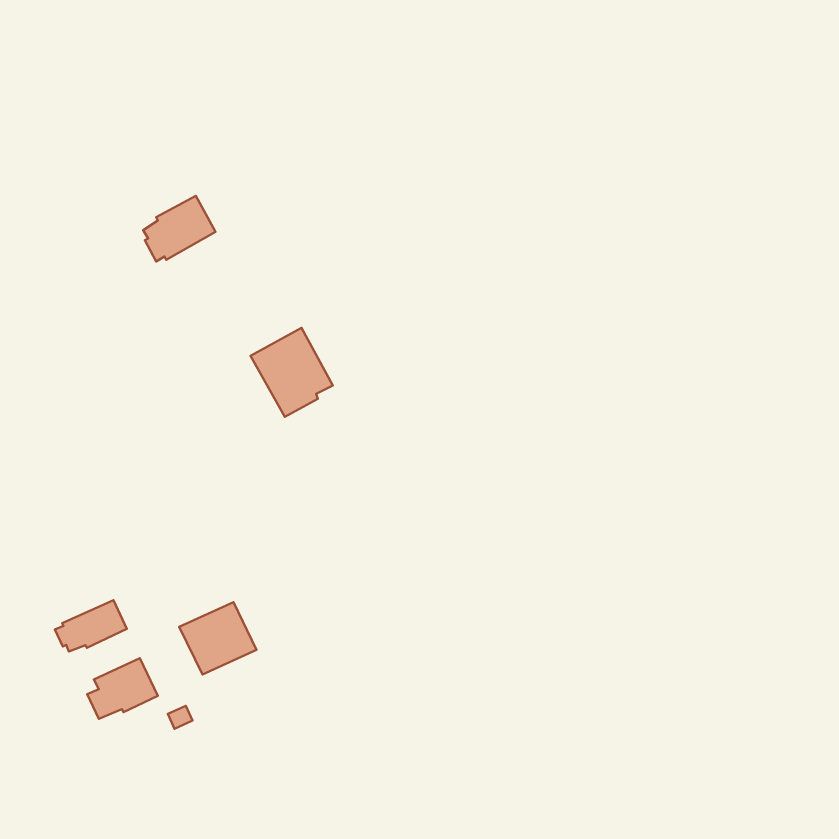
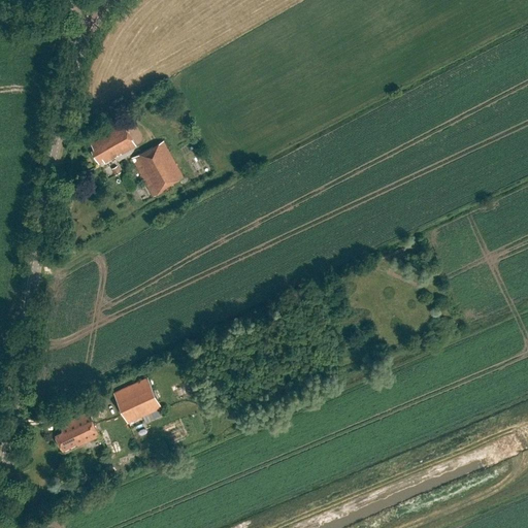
building: [250,328,333,417] -> [131,142,183,198]
building: [55,600,127,652] -> none

